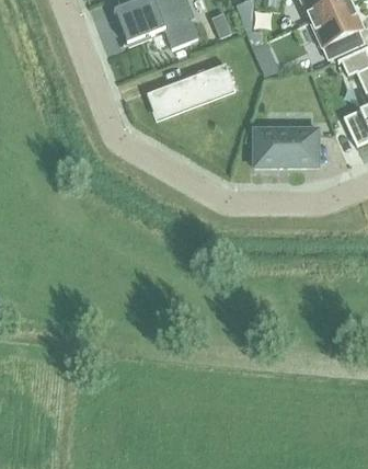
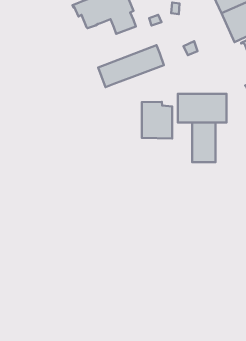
building: none -> [142,102,172,138]
building: none -> [192,122,216,162]

